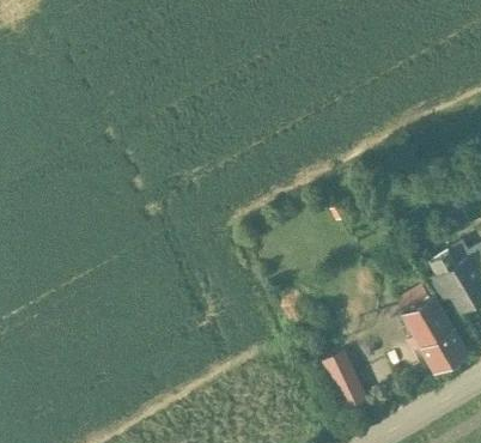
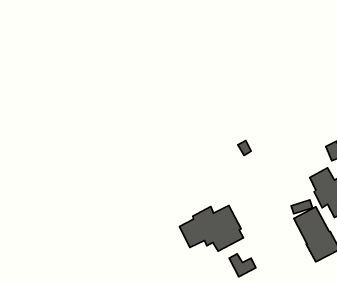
building: none -> [179,205,244,251]

